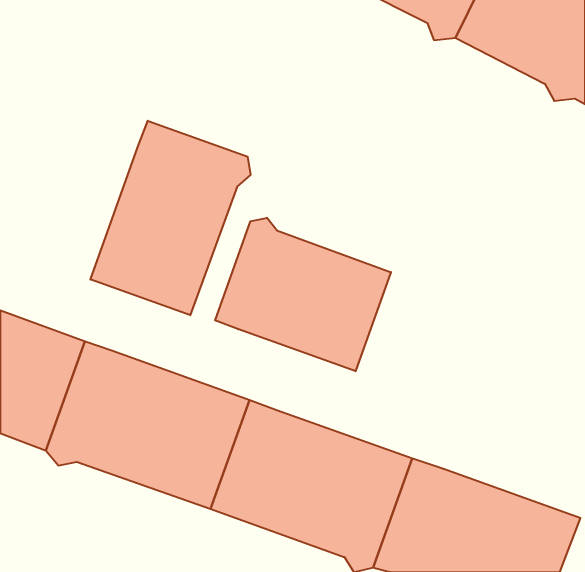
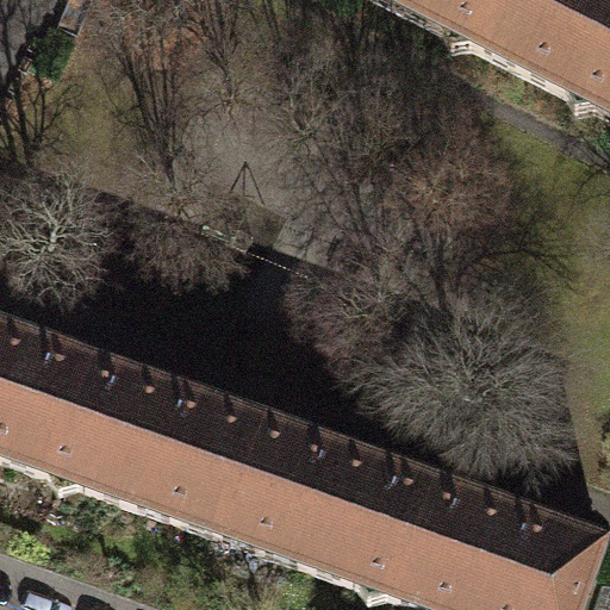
building: [90,121,251,315] -> none
building: [215,218,391,371] -> none

